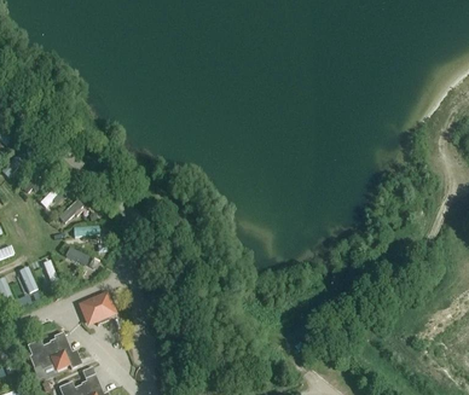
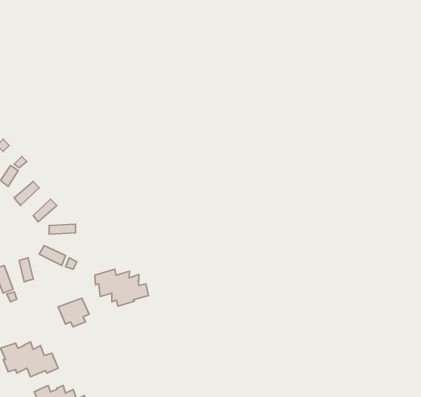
building: none -> [95,269,148,306]

